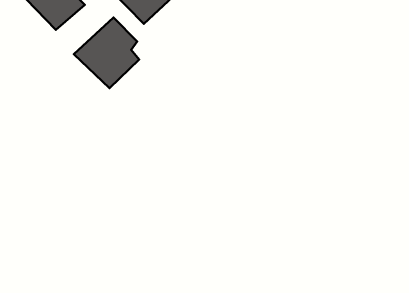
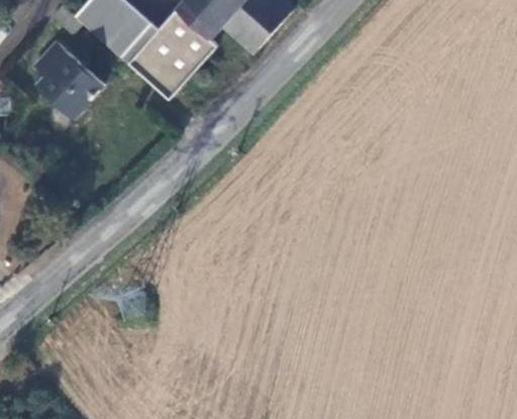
building: [74,17,139,88] -> none

